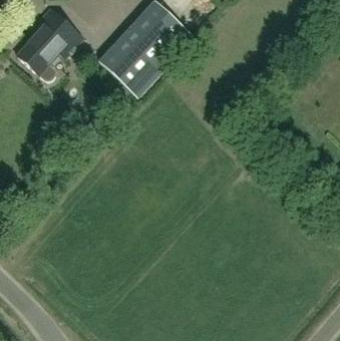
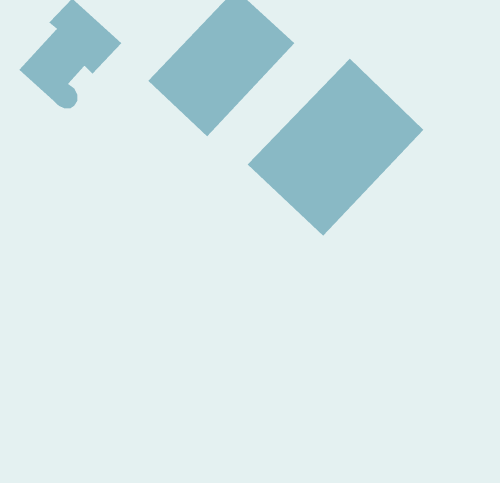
building: none -> [247,58,424,237]

